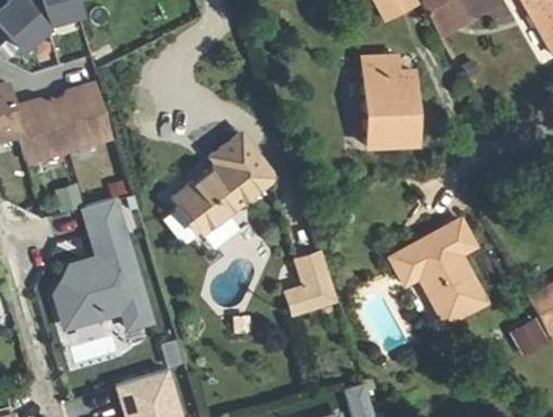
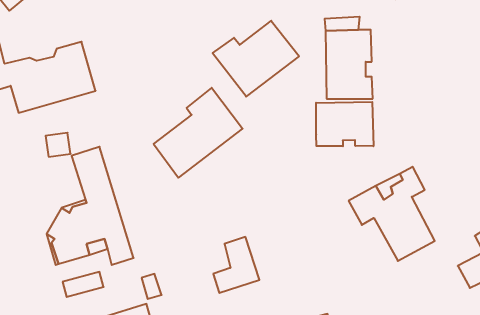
building: none -> [213,21,299,97]
building: none -> [316,102,373,146]
building: [286,252,337,314] -> [213,237,259,293]

